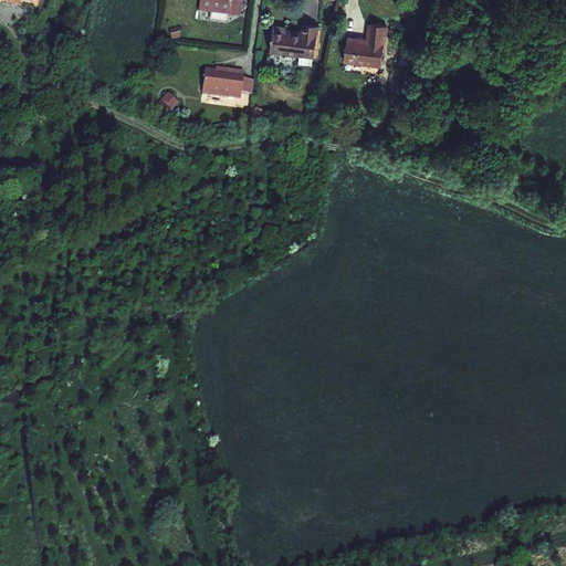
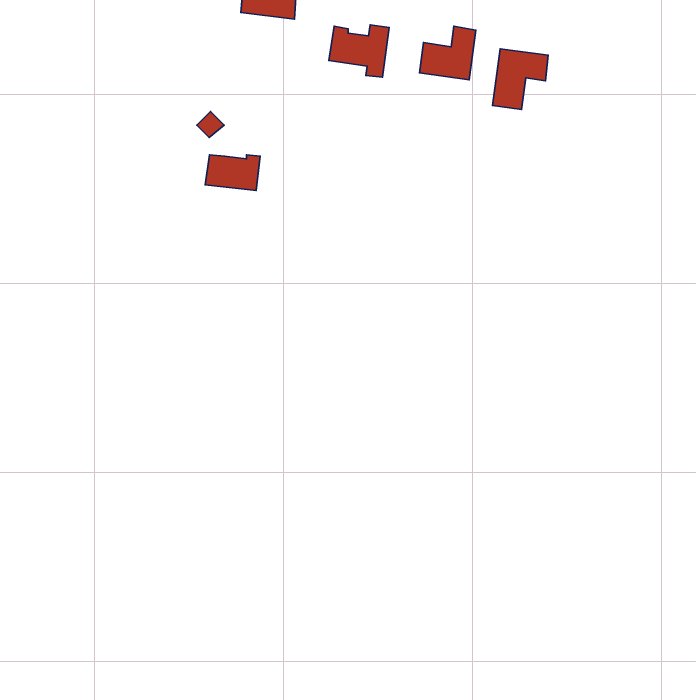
building: none -> [492,49,548,110]
building: [200,69,244,97] -> [205,155,260,190]

